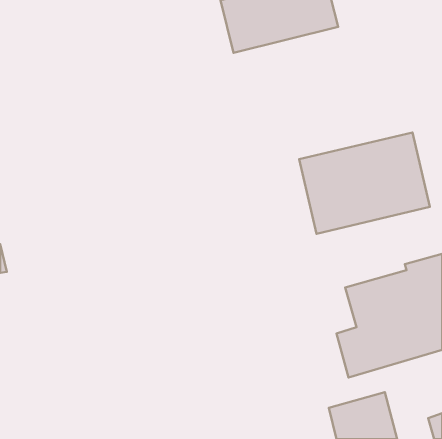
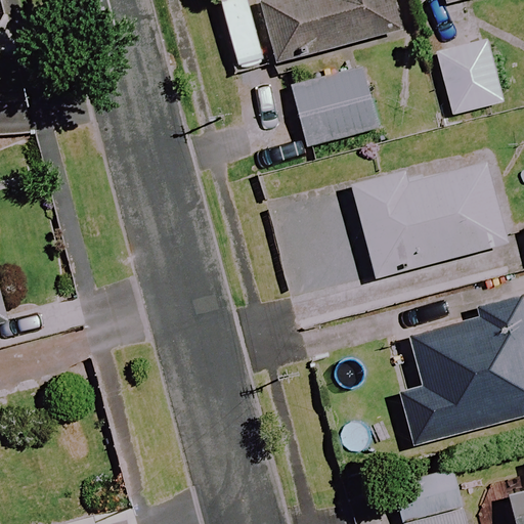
building: none -> [436,40,505,115]
building: none -> [290,68,377,147]

